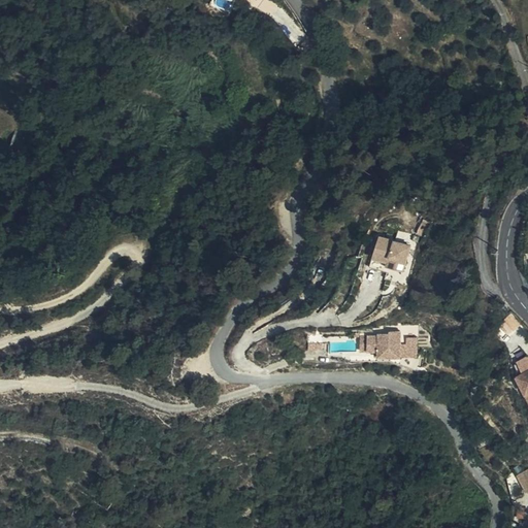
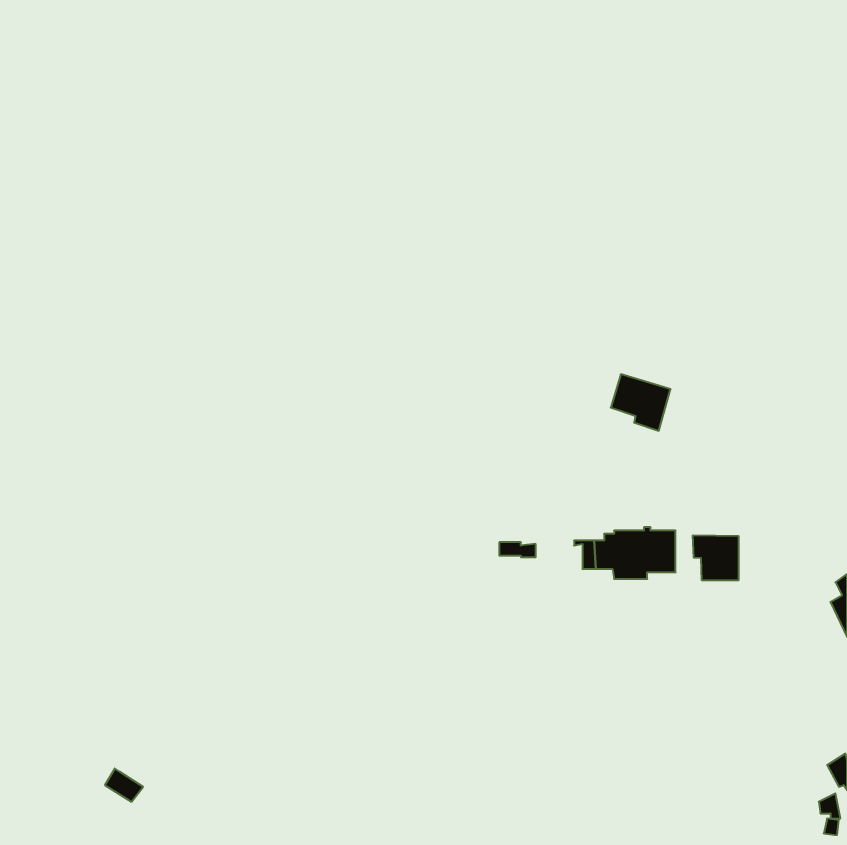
building: none -> [693,535,738,580]

